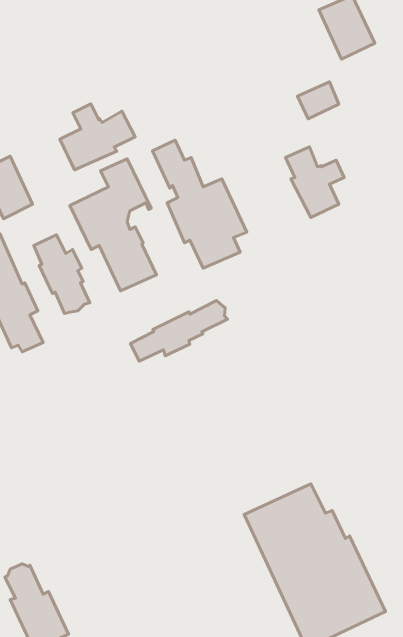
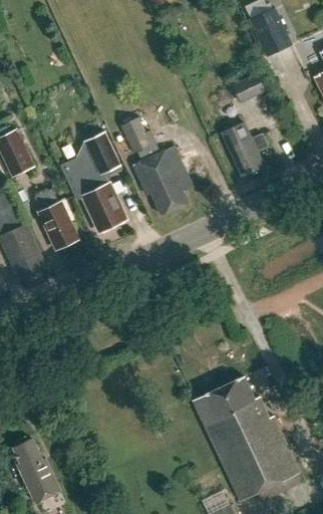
building: [60,104,135,170] -> none
building: [130,300,228,361] -> none

